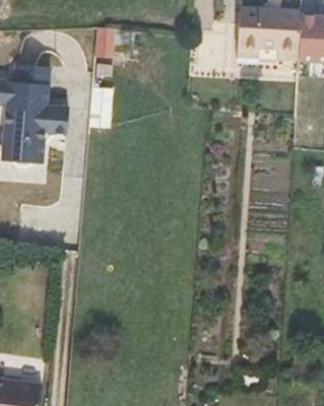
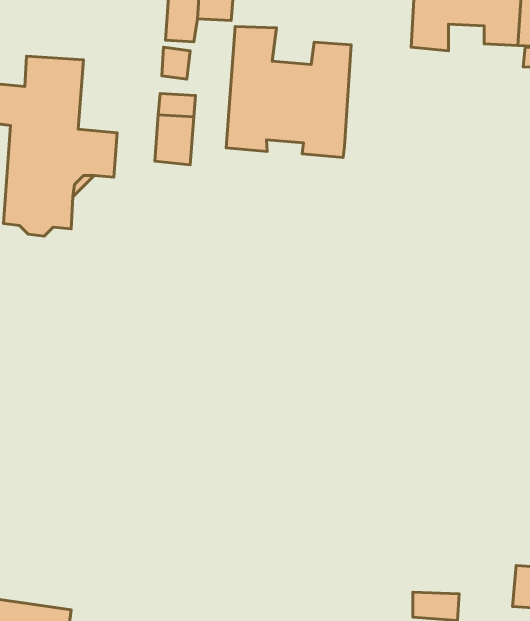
building: none -> [226,27,351,157]

